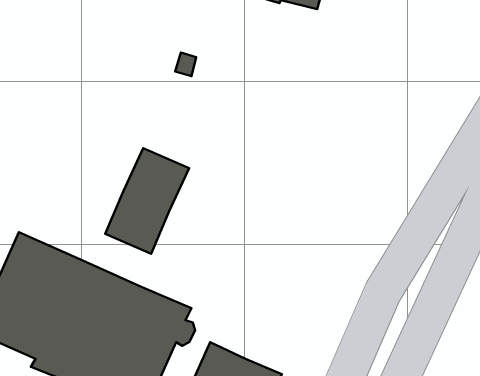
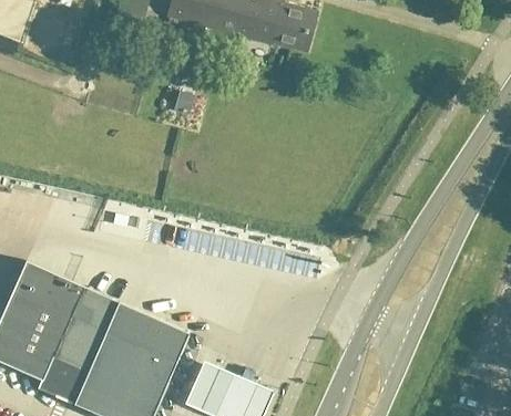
building: [105,148,189,254] -> none

